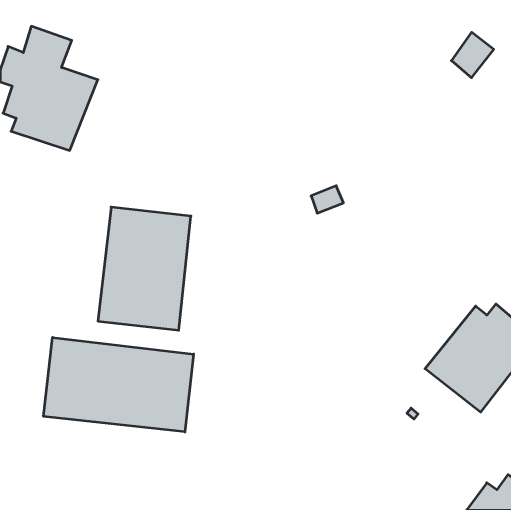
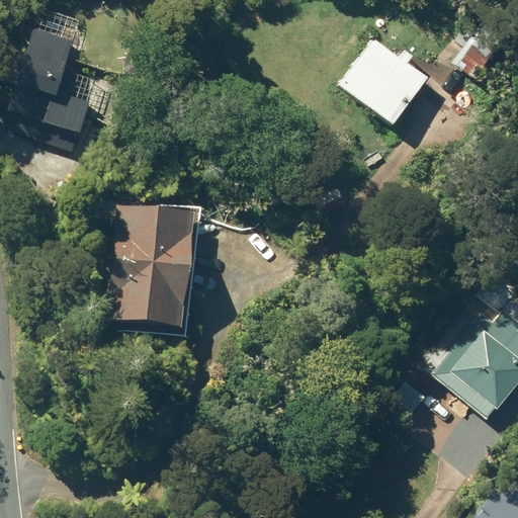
building: none -> [340,37,432,128]
building: [44,337,194,432] -> none

